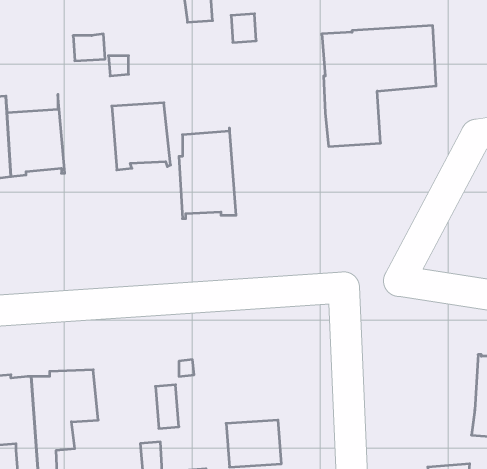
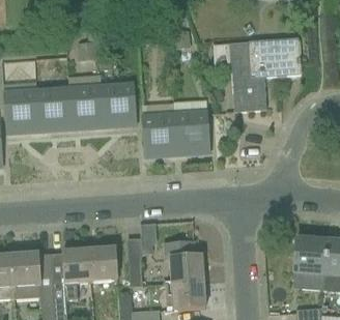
building: none -> [67,78,104,128]
building: none -> [173,98,209,154]
building: none -> [293,238,327,274]
building: none -> [163,241,203,283]
building: none -> [89,248,117,281]

